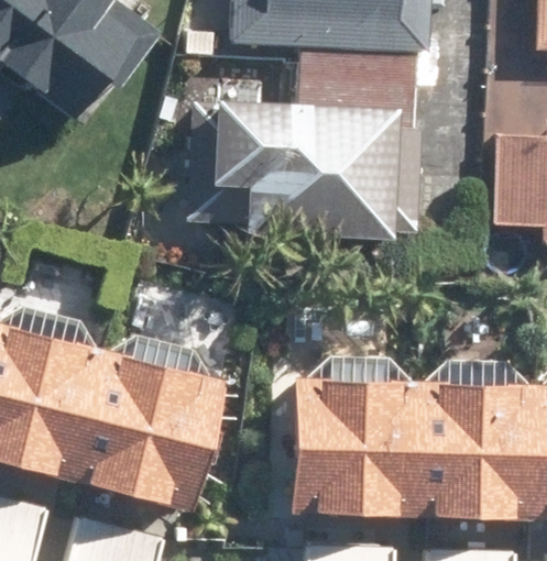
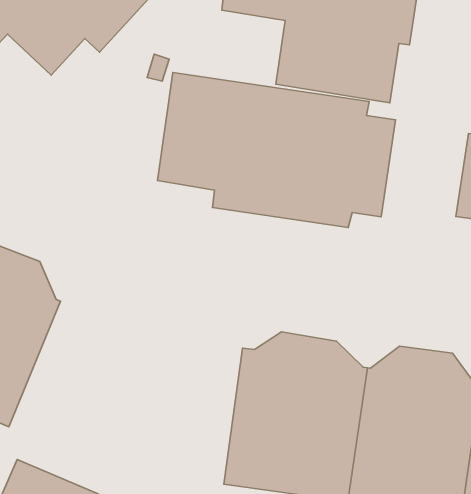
building: [67,331,220,513] -> none

